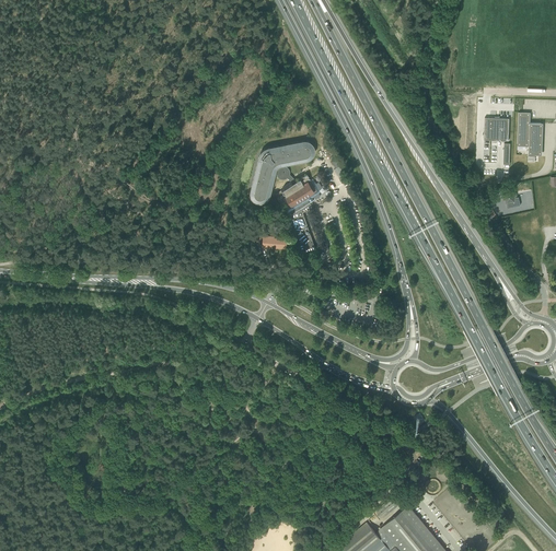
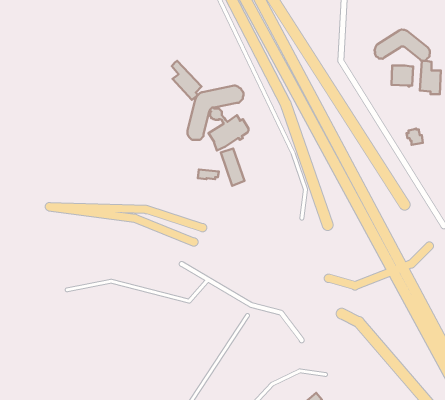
building: none -> [375,30,430,61]
building: none -> [172,61,202,100]

